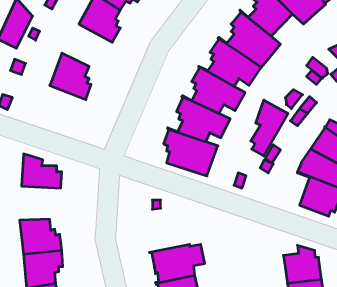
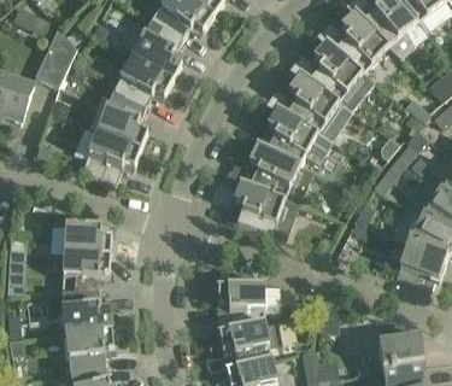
building: none -> [111,58,171,109]
building: none -> [82,131,140,183]
building: [251,100,288,156] -> none
building: none -> [60,252,110,293]
building: none -> [216,283,278,332]

